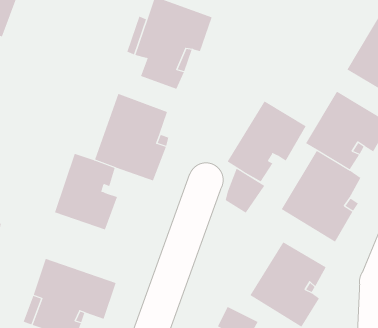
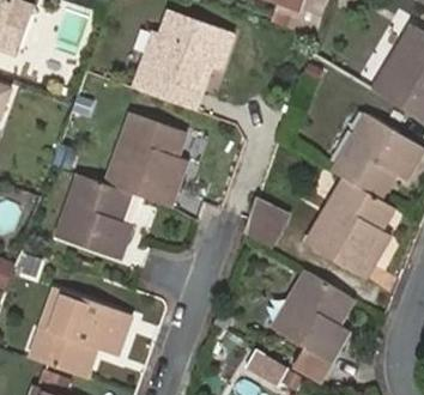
building: [227,101,306,182] -> none

